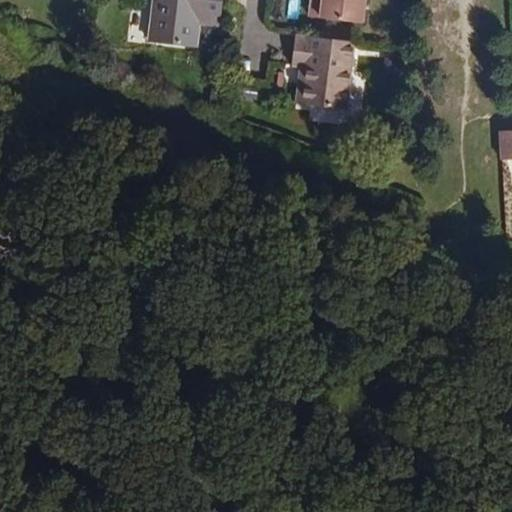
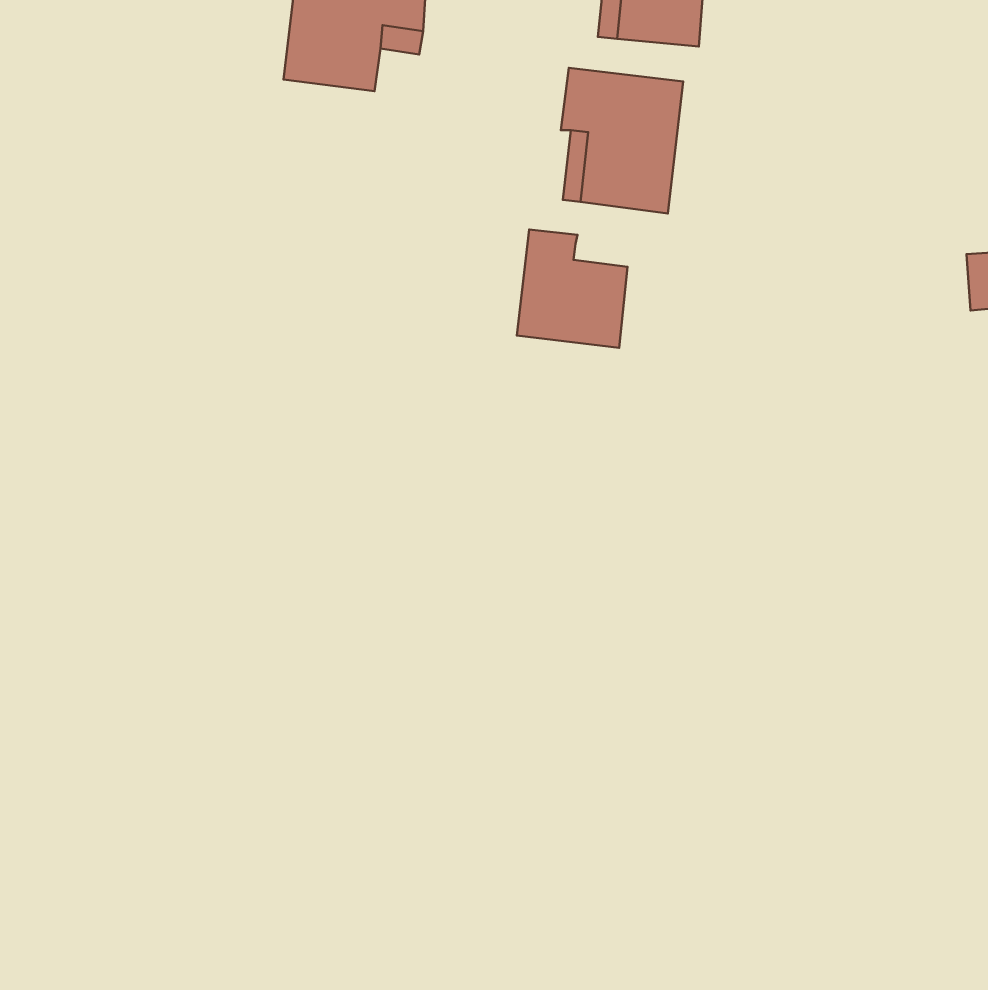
building: none -> [517,230,628,348]

